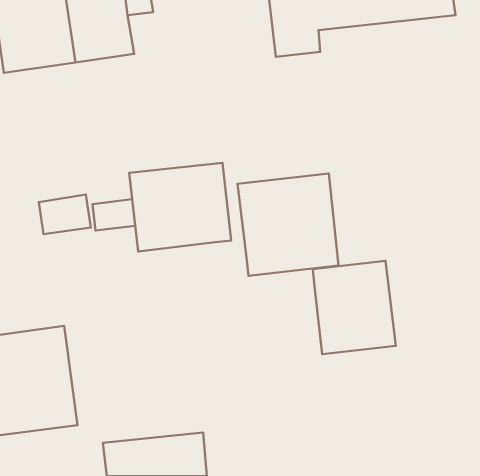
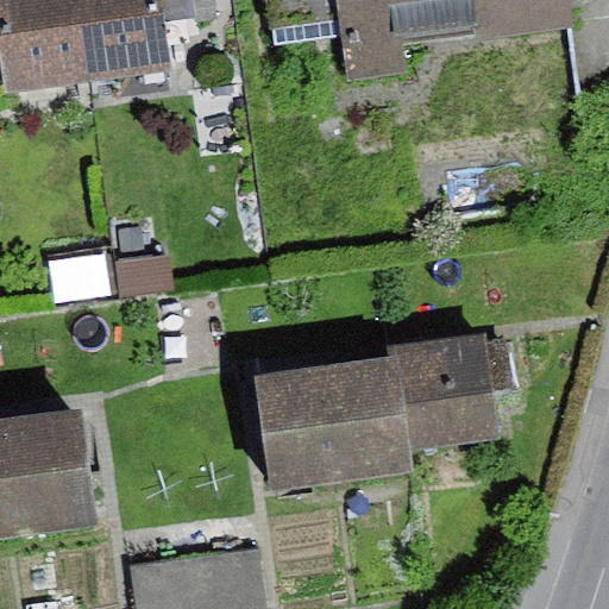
building: [129,163,231,251] -> none
building: [238,174,339,276] -> none
building: none -> [251,360,408,494]

